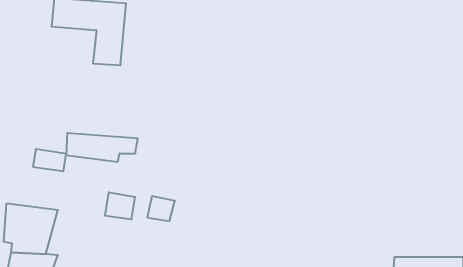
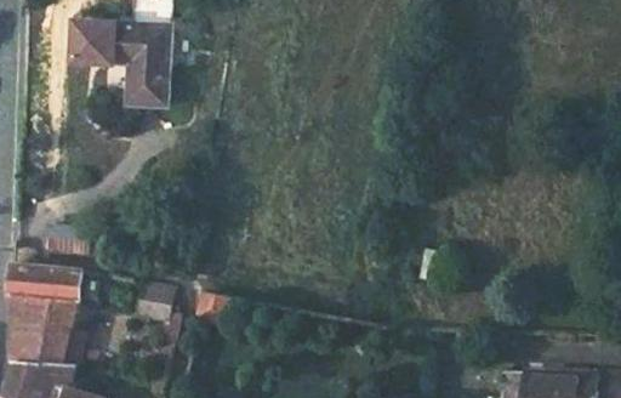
building: [66,133,138,162] -> [8,266,103,303]

